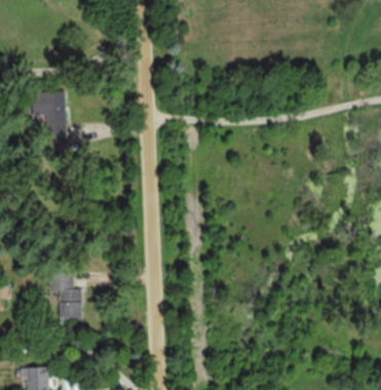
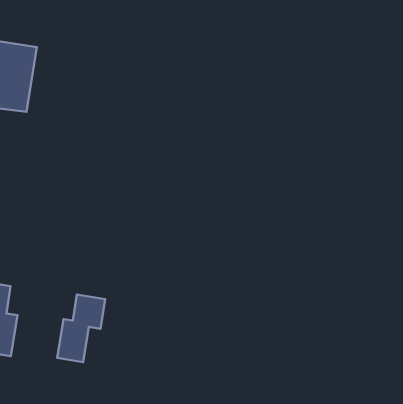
building: none -> [57,295,105,362]

